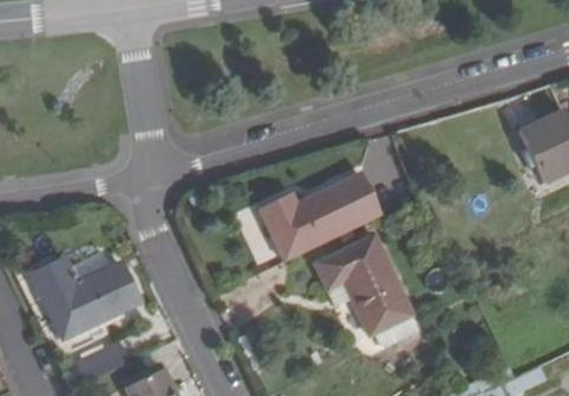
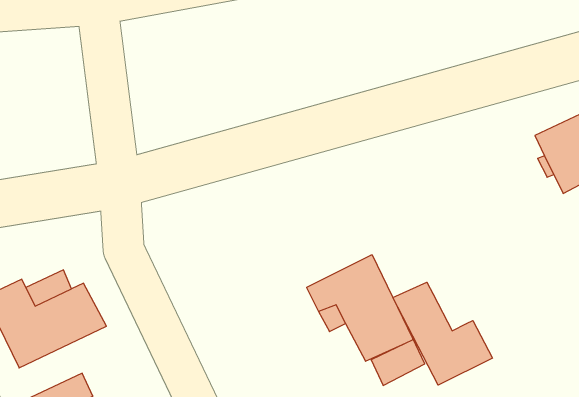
building: [261,177,381,260] -> none
building: none -> [393,282,492,385]

